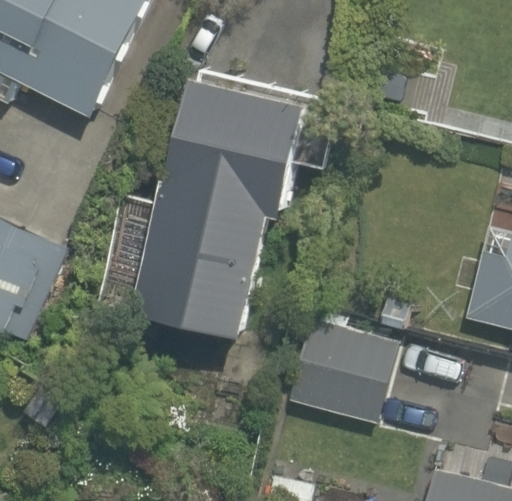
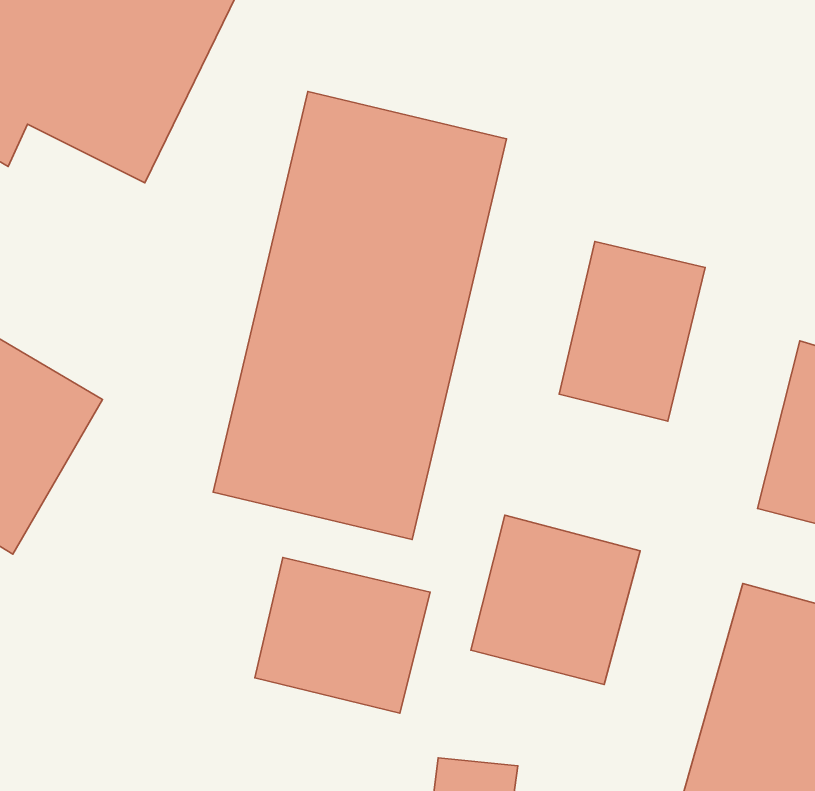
building: none -> [559,242,705,421]
building: none -> [255,558,430,713]

